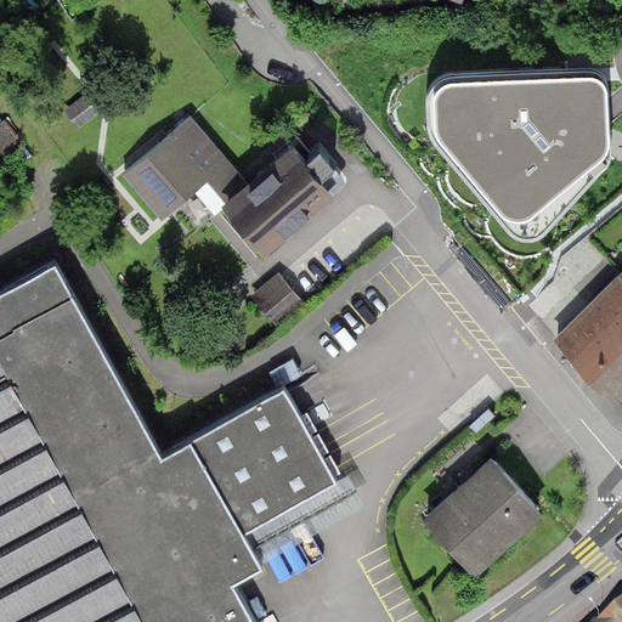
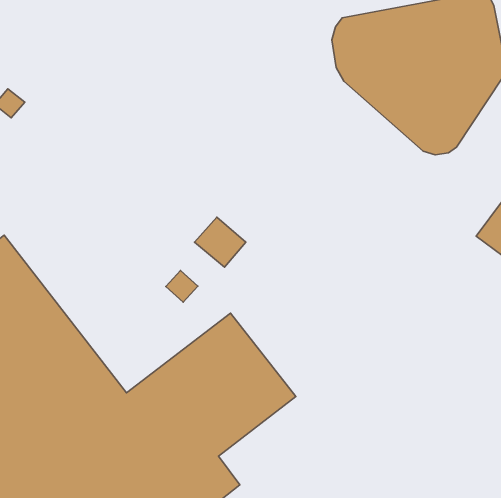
building: [120,119,330,253] -> none
building: [422,458,541,577] -> none

